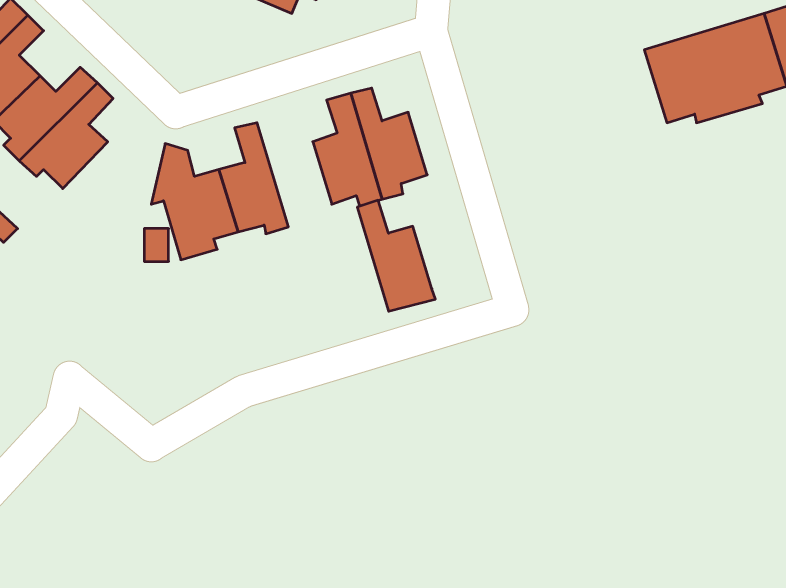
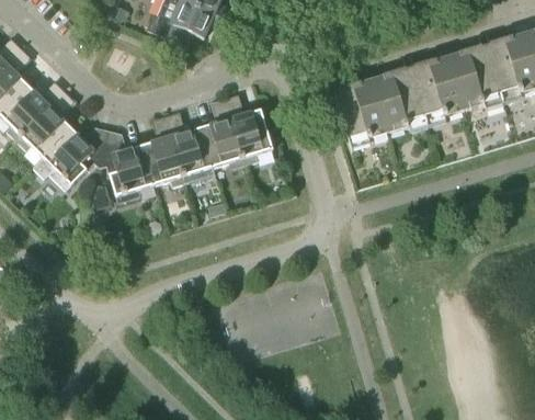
building: none -> [333,70,424,139]
building: none -> [33,126,107,190]
building: [357,200,435,311] -> [166,112,215,182]

